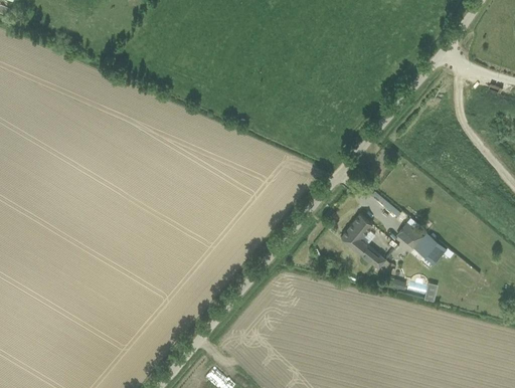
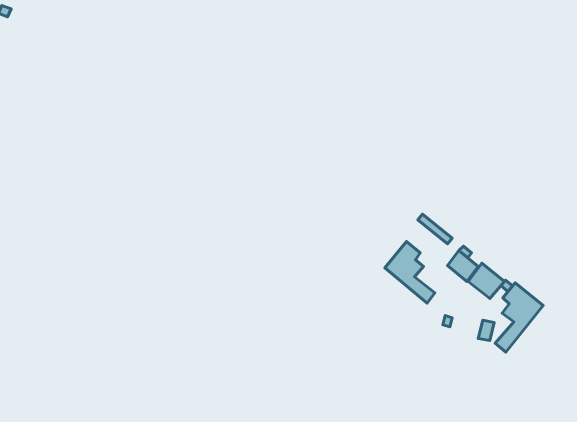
building: none -> [495,283,543,352]

